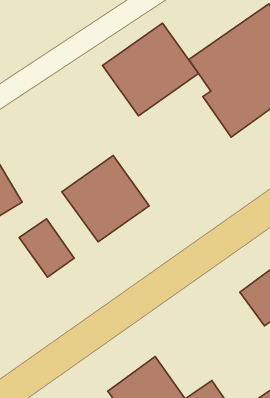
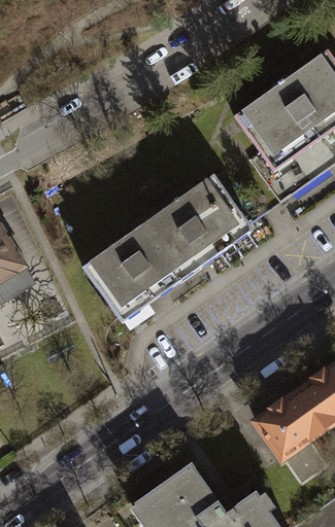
building: [102,23,198,116] -> [142,178,255,286]
building: [19,219,74,277] -> none
building: none -> [244,387,320,460]

